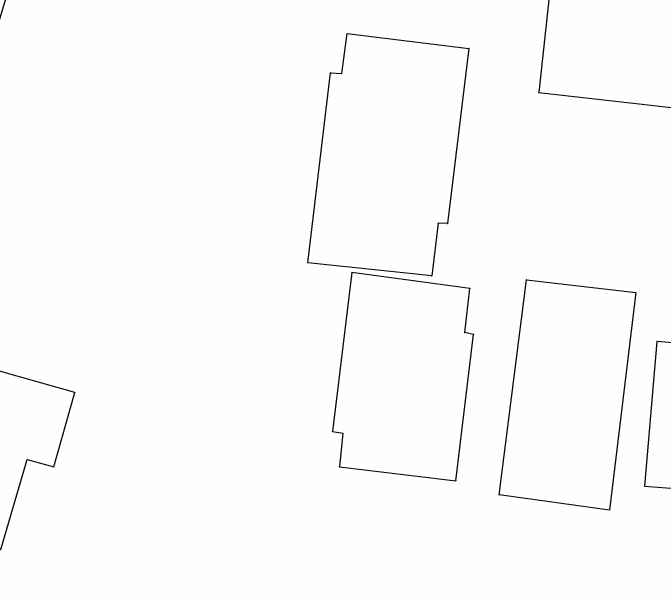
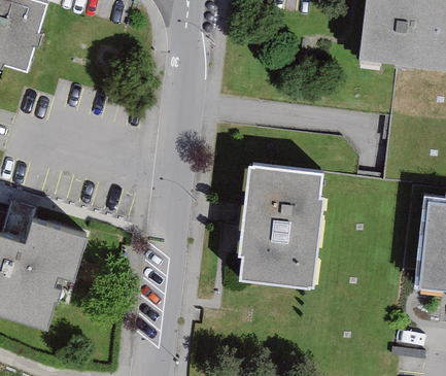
building: [308,34,469,276] -> none
building: [499,280,636,510] -> none

